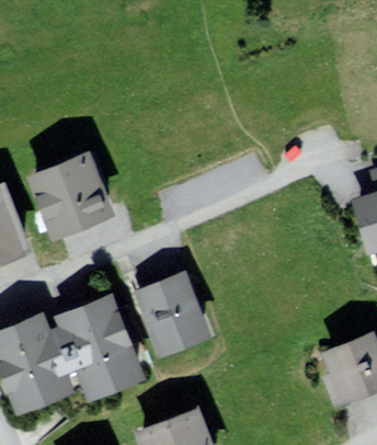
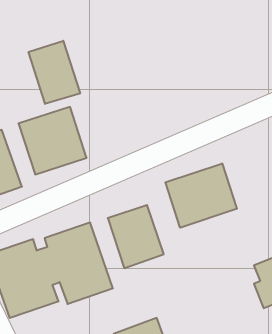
building: none -> [29,41,80,104]
building: none -> [165,163,237,228]

